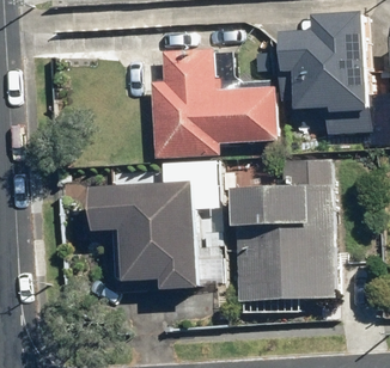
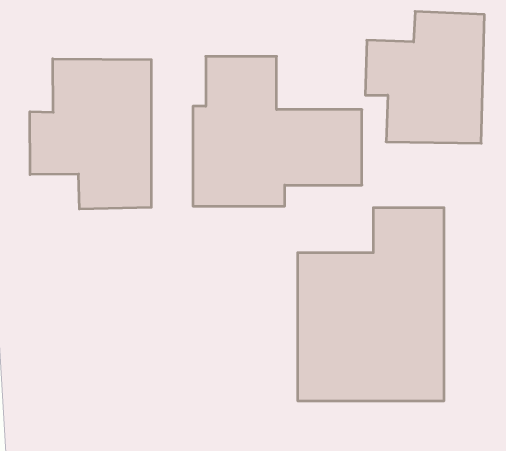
building: none -> [30,59,151,209]
building: [89,180,197,290] -> none

